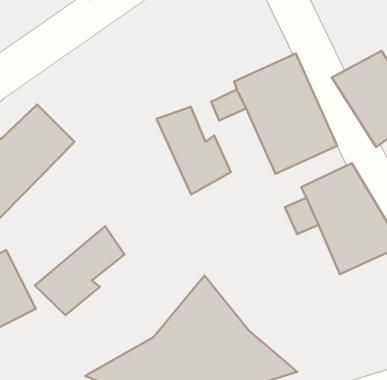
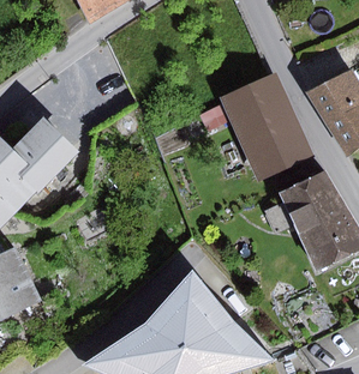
building: [157,107,231,195] -> none
building: [35,226,125,315] -> none

